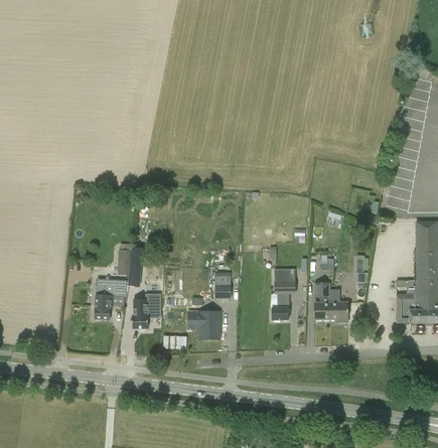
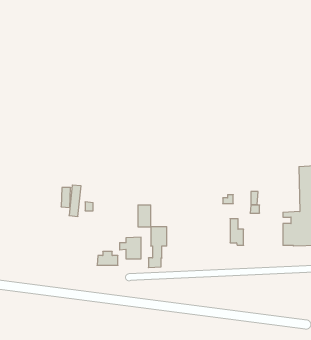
building: [272,268,295,319] -> [148,227,167,268]
building: [95,277,127,317] -> none
building: [314,281,330,318] -> none
building: [132,294,160,330] -> none

